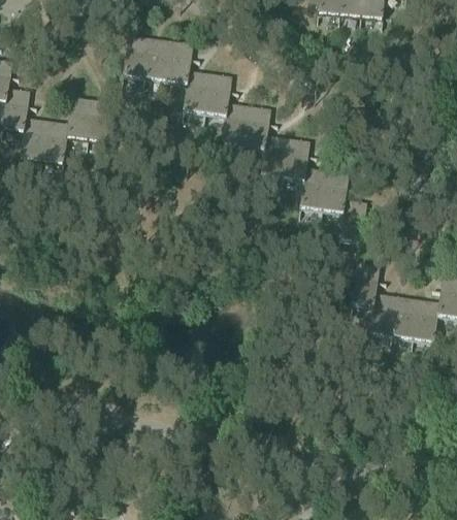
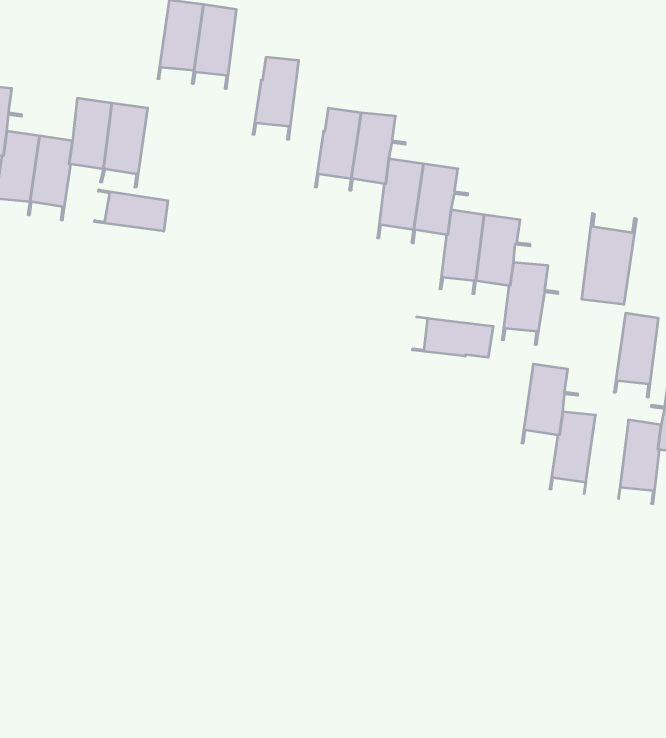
building: [165,40,199,85] -> none
building: [203,72,237,122] -> none
building: none -> [94,190,168,231]
building: none -> [582,213,636,304]
building: none -> [412,317,493,357]
building: [389,295,417,348] -> [614,313,658,397]

